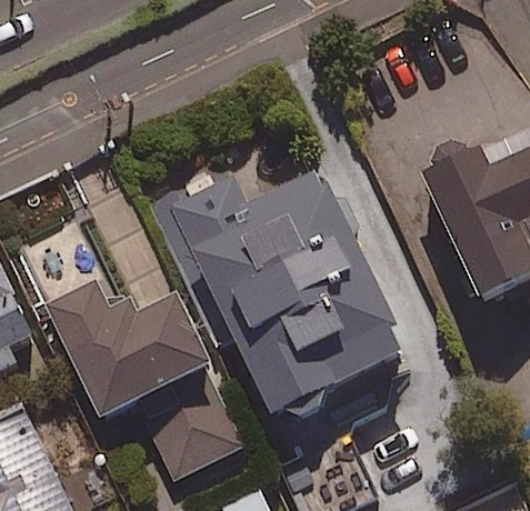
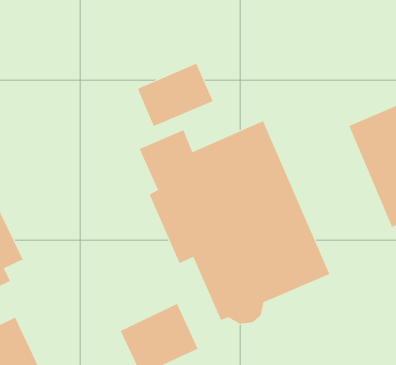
building: none -> [137,63,213,127]
building: [24,223,210,419] -> none

